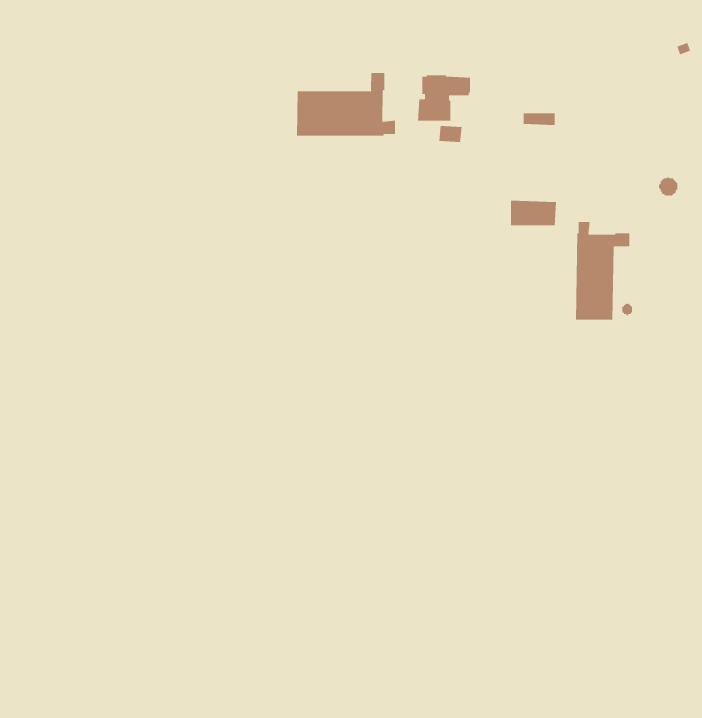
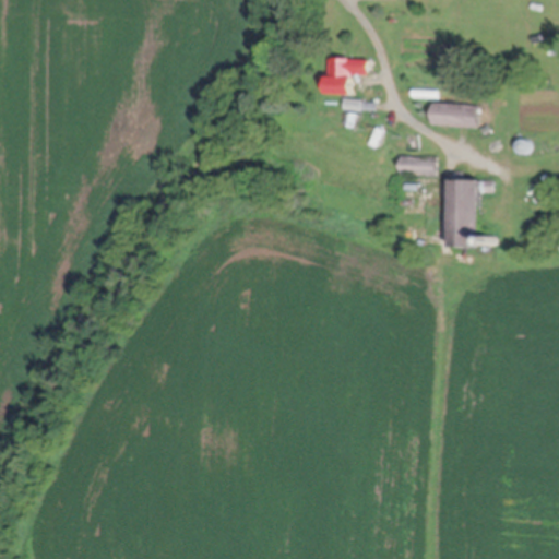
building: [296,72,396,136] -> none
building: none -> [427,102,473,127]

